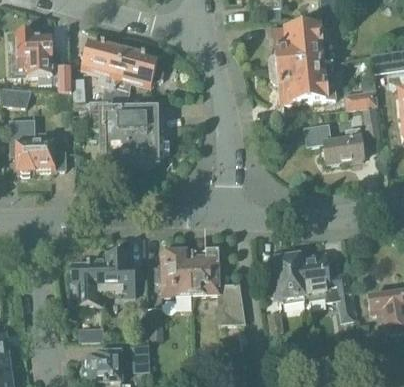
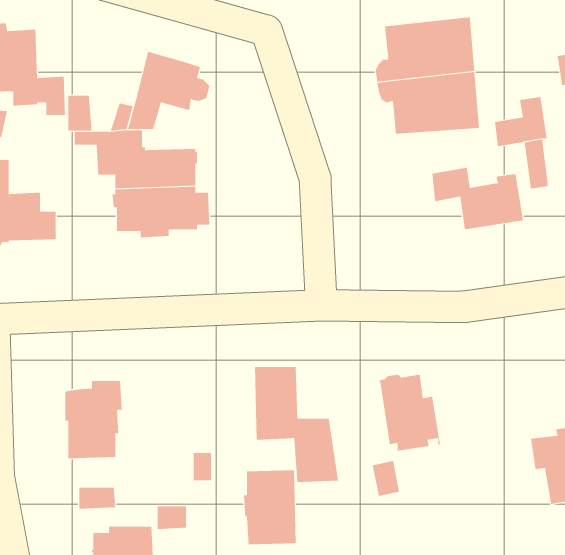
building: [80,40,123,77] -> none
building: [158,250,192,298] -> [243,470,296,545]
building: [103,252,135,299] -> none
building: [297,252,354,322] -> none

